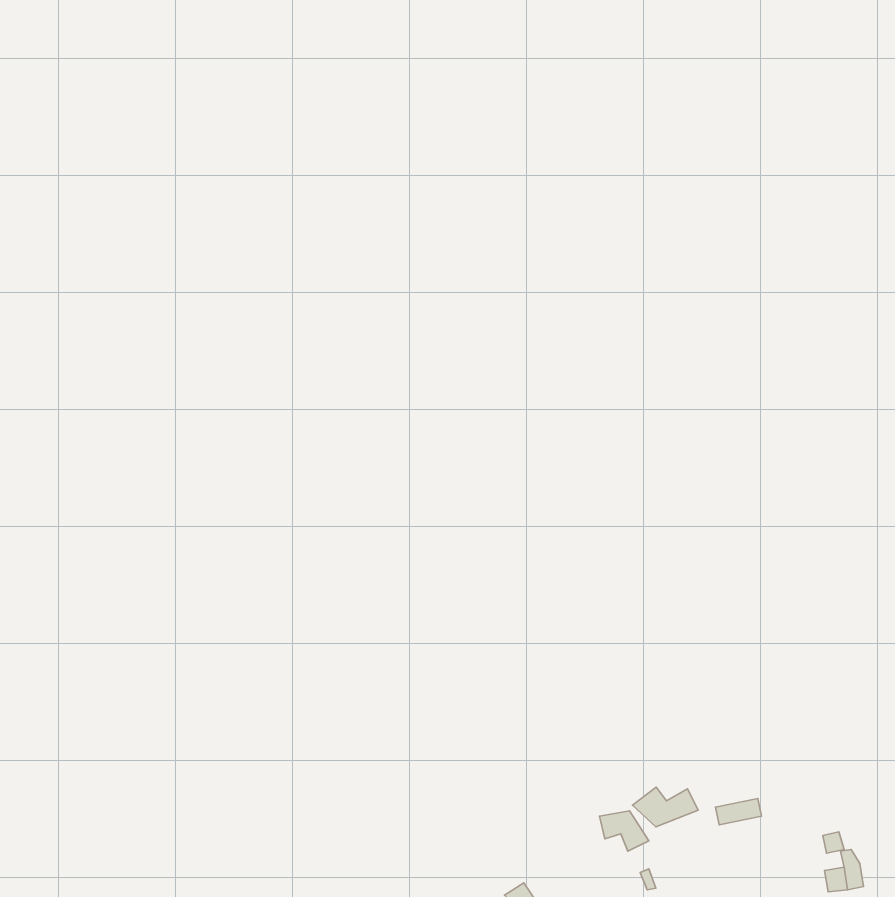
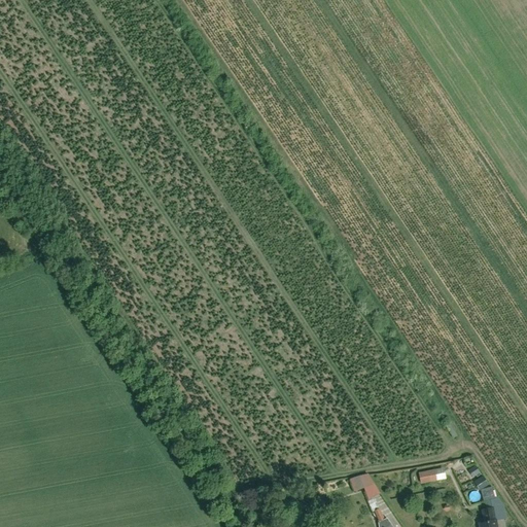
building: [633,787,698,827] -> none

